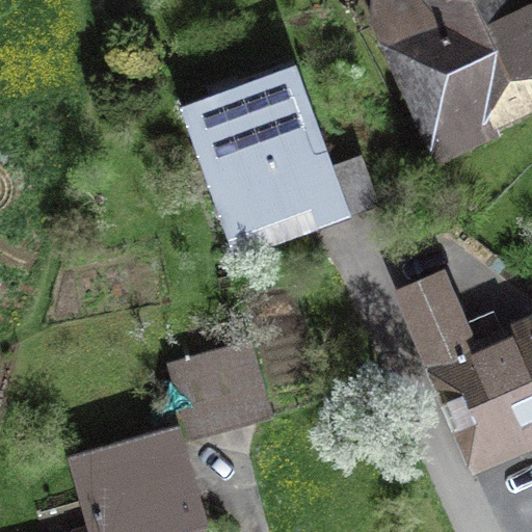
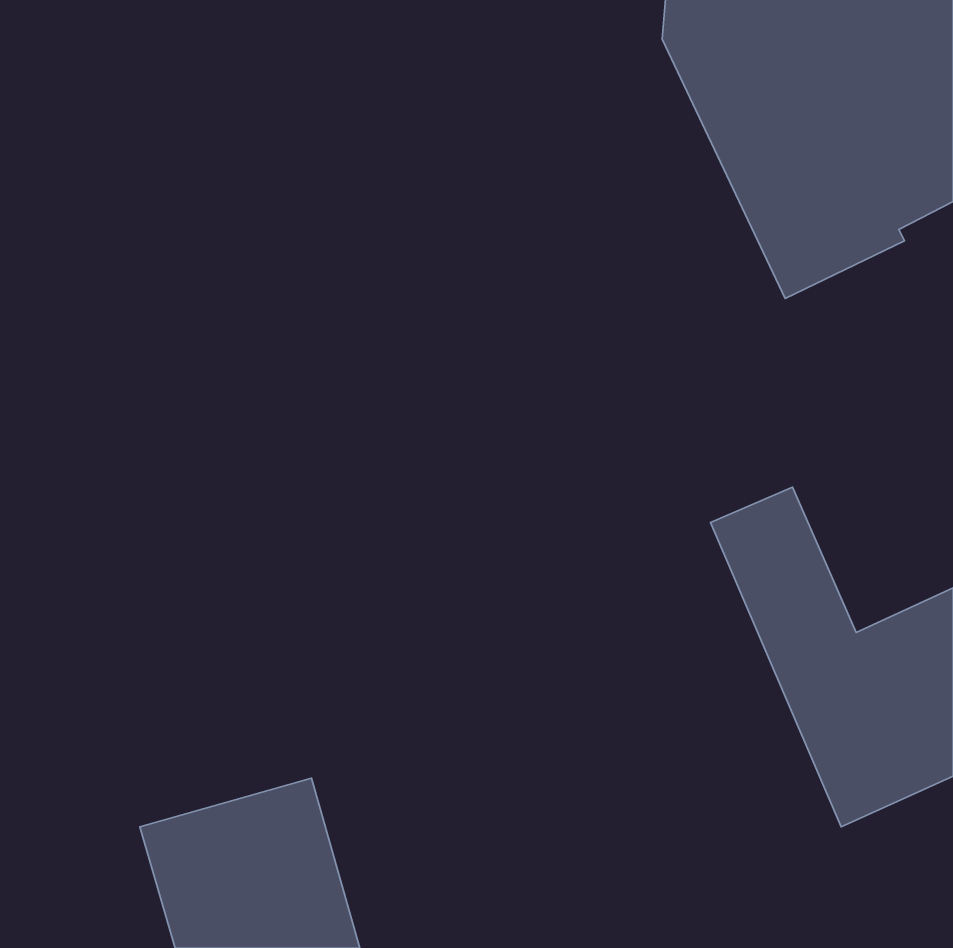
building: [184,65,378,254] -> none
building: [179,346,261,427] -> none

